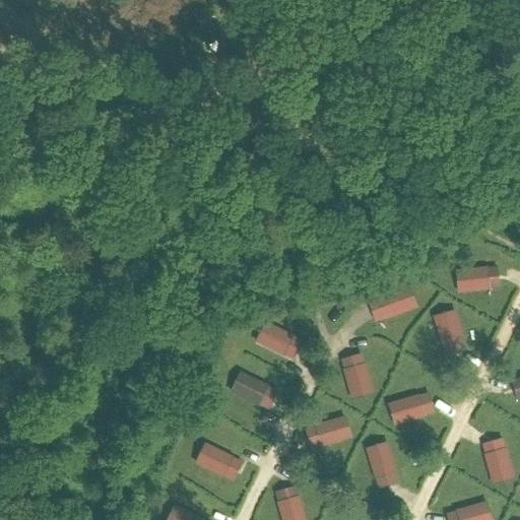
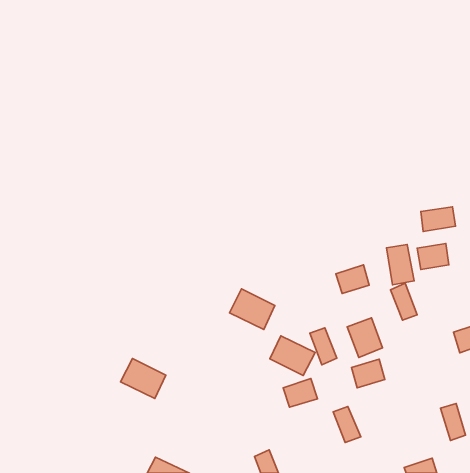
building: none -> [421,207,456,231]
building: none -> [386,245,414,285]
building: none -> [347,318,383,358]
building: [231,370,280,413] -> [270,336,315,375]
building: [192,440,242,483] -> [120,359,166,398]

